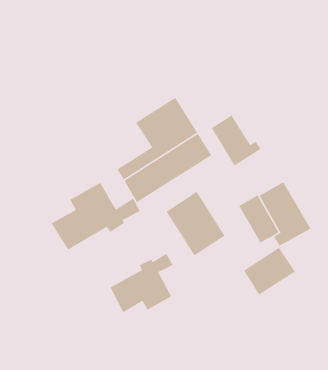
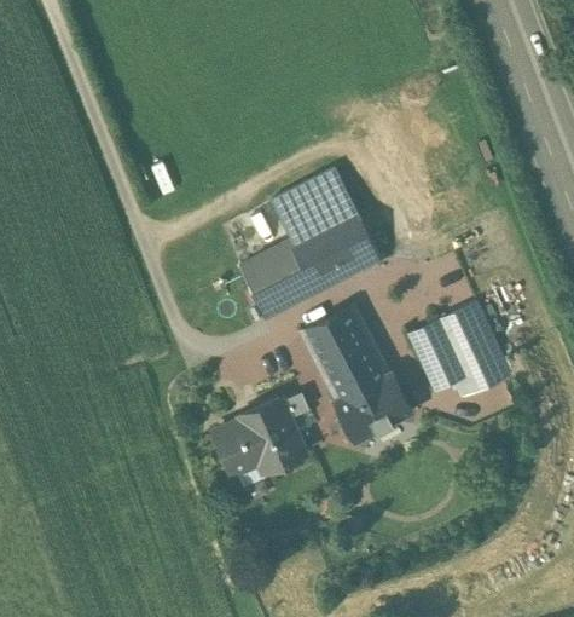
building: [211,114,261,166] -> none
building: [50,182,141,251] -> none
building: [243,247,296,296] -> [336,374,411,440]

